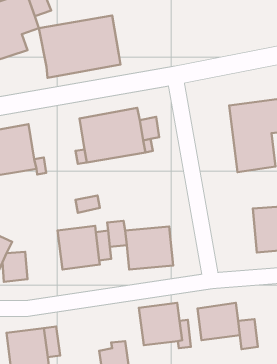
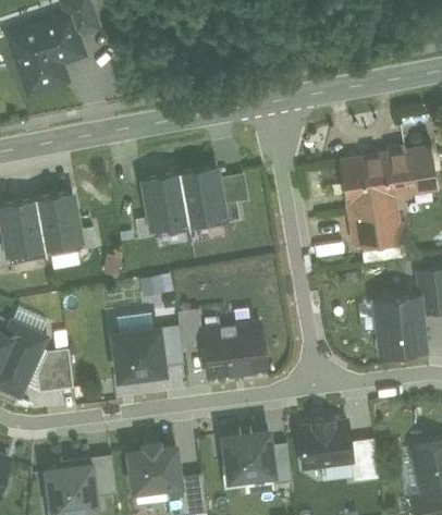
building: [39,16,120,78] -> none
building: none -> [125,442,184,493]

